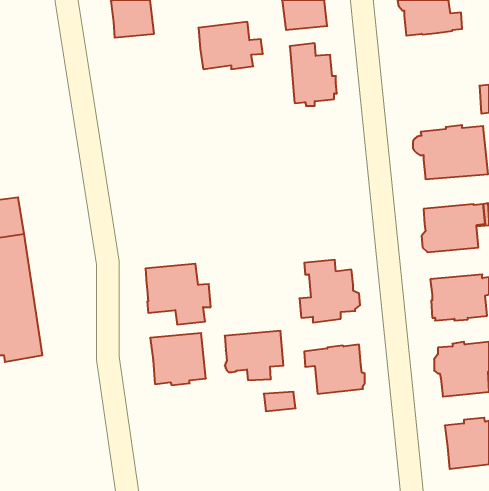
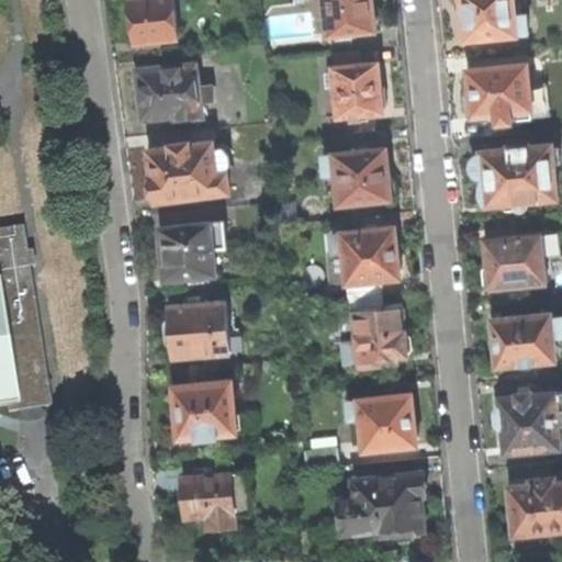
building: [198,22,263,69] -> [136,66,210,120]
building: none -> [463,65,530,124]
building: none -> [146,143,227,203]
building: none -> [322,149,394,205]
building: none -> [155,222,224,281]
building: none -> [329,226,400,301]
building: [225,331,283,380] -> [180,472,247,528]
building: none -> [337,473,424,537]

